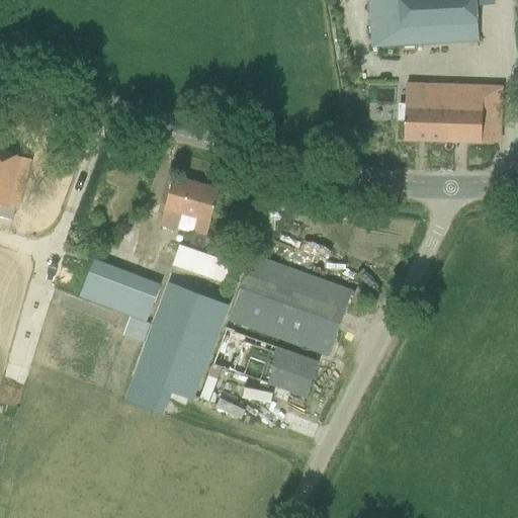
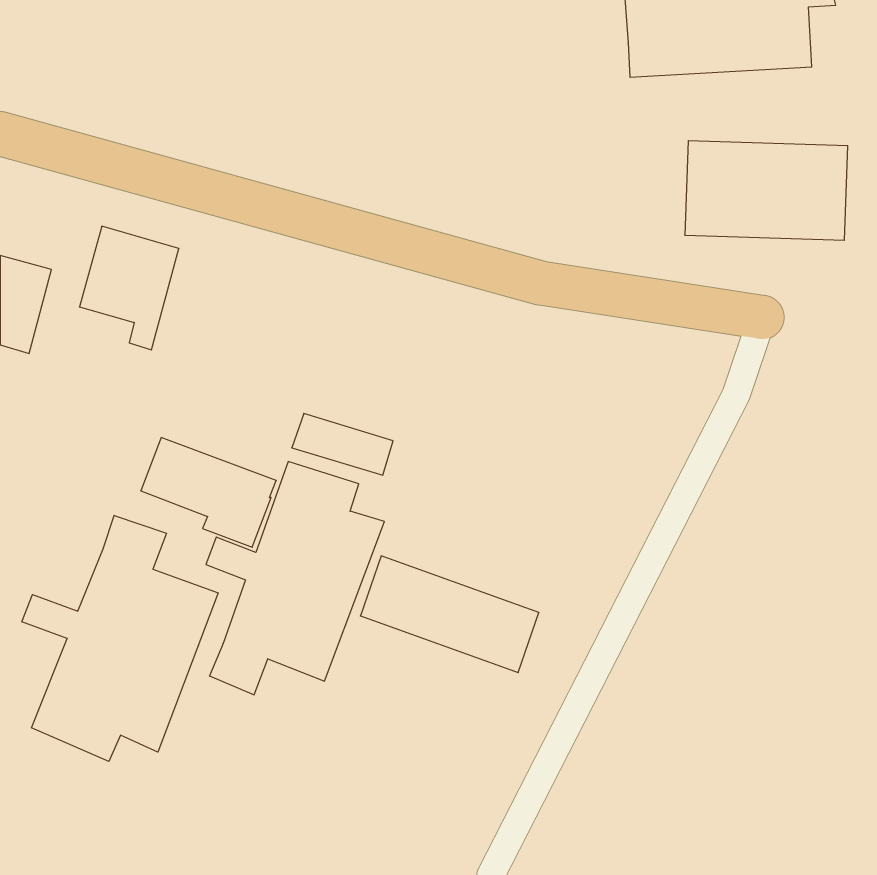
building: [160,175,219,248] -> [79,226,179,350]
building: [228,254,354,354] -> none
building: none -> [22,515,218,761]

